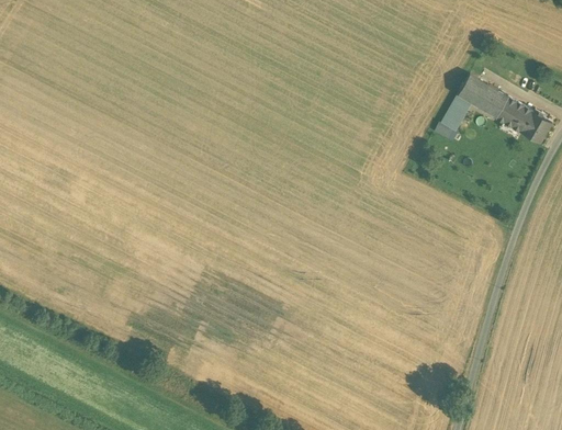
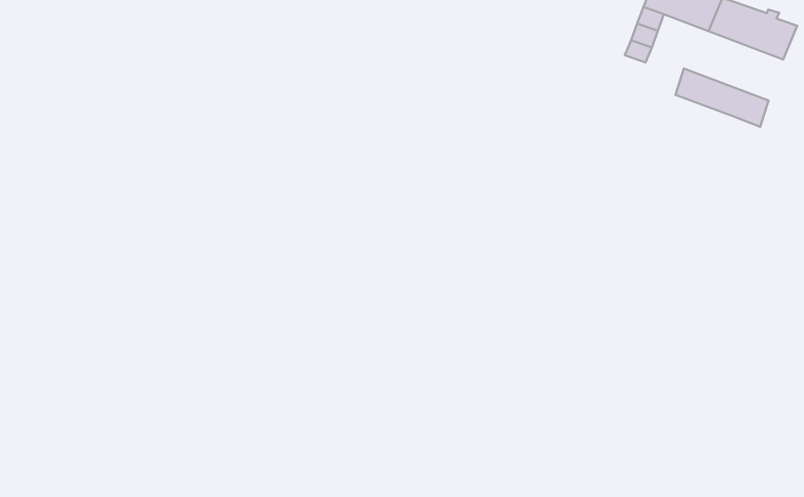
building: none -> [676,69,768,127]

